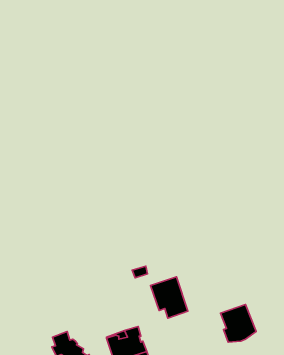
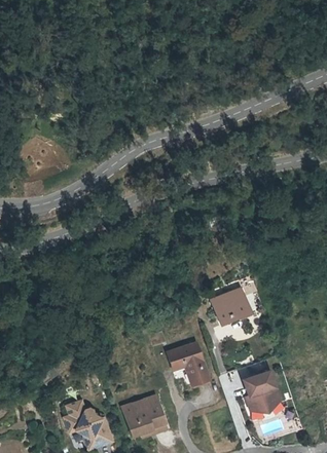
building: none -> [212,285,252,317]

